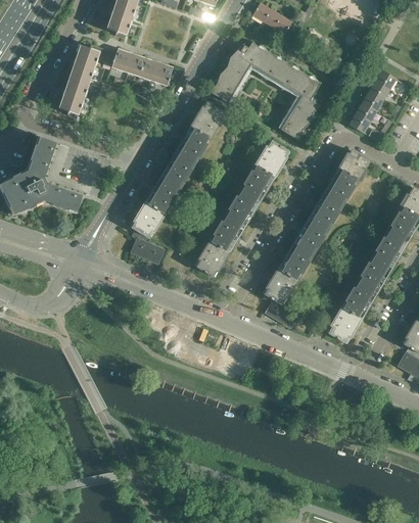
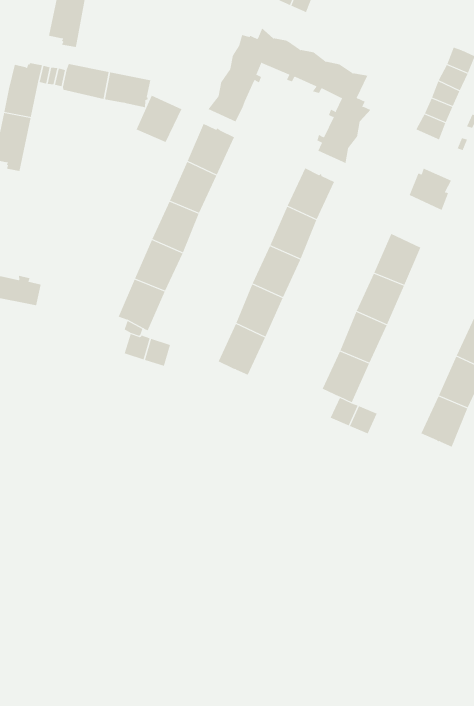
building: none -> [136,95,182,143]
building: [323,168,358,204] -> none

